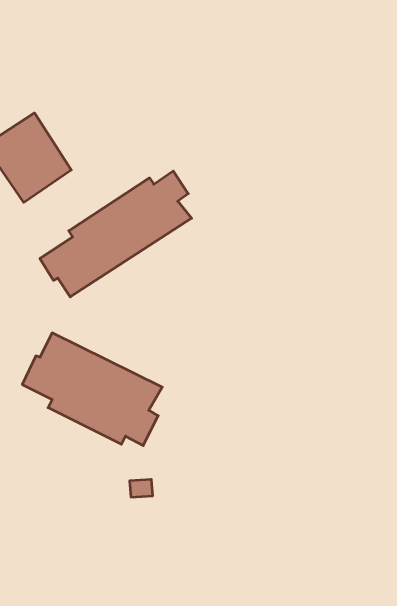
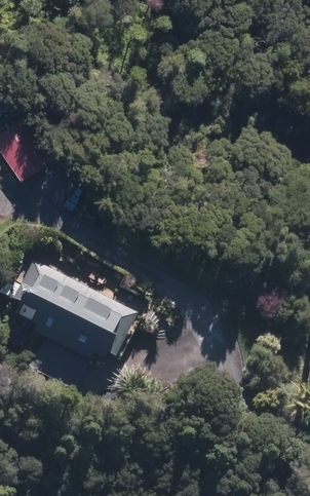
building: [40,171,192,297] -> none

